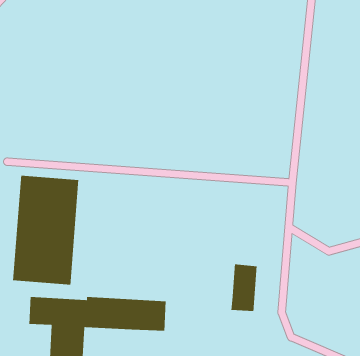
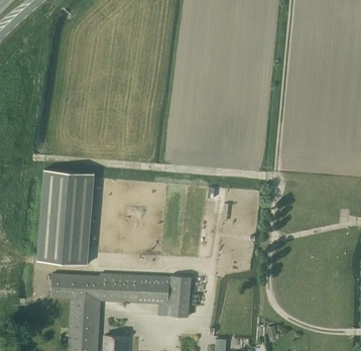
building: [231,264,258,312] -> [167,275,191,317]

